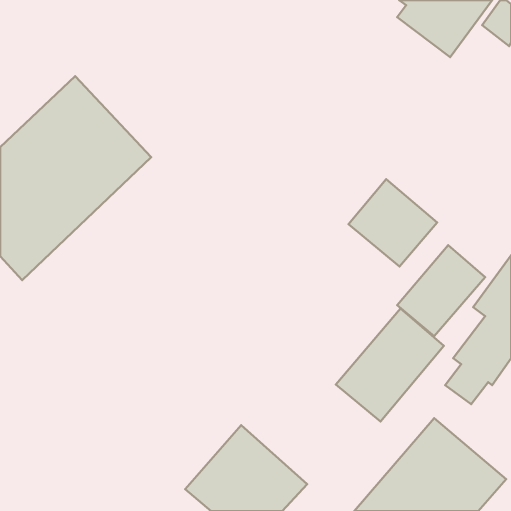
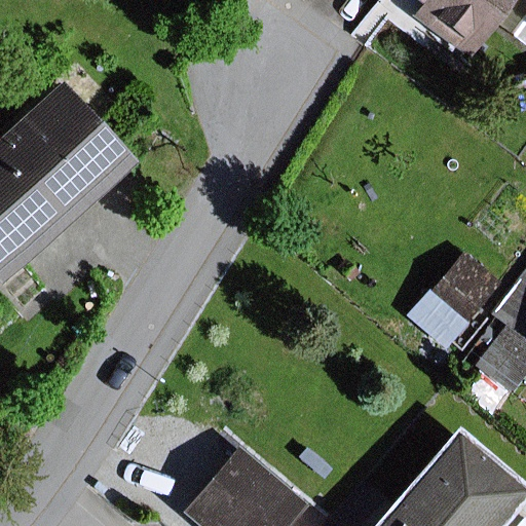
building: [349,179,437,266] -> none
building: [336,308,444,422] -> none

